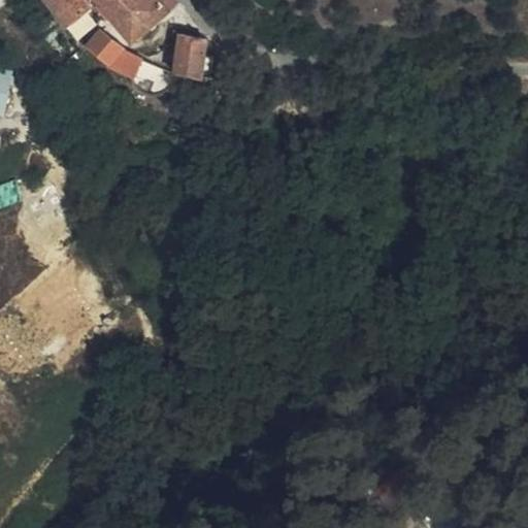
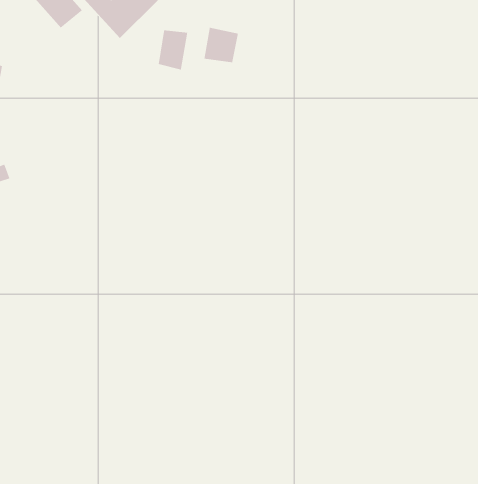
building: none -> [203,27,239,63]
building: [86,31,143,78] -> none

